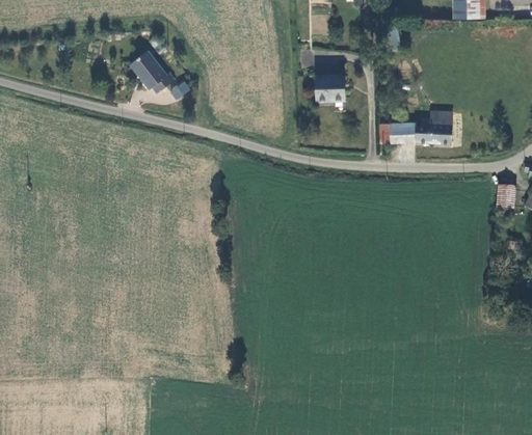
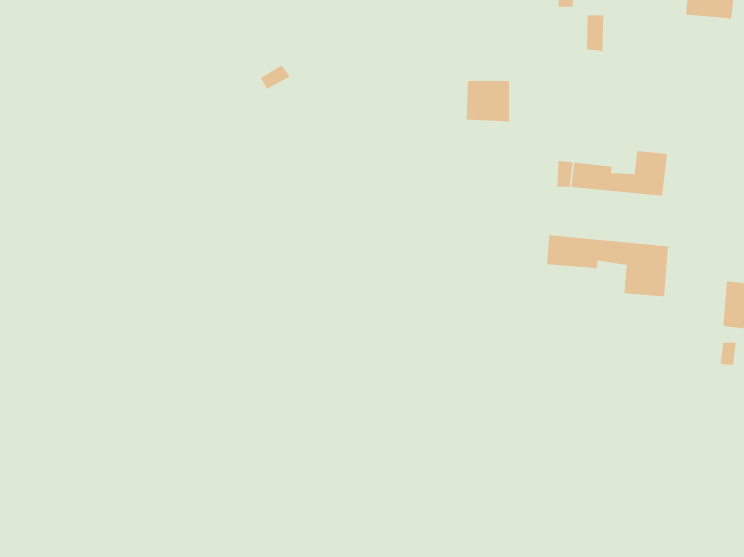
building: [137,50,182,93] -> none
building: none -> [547,234,669,297]

